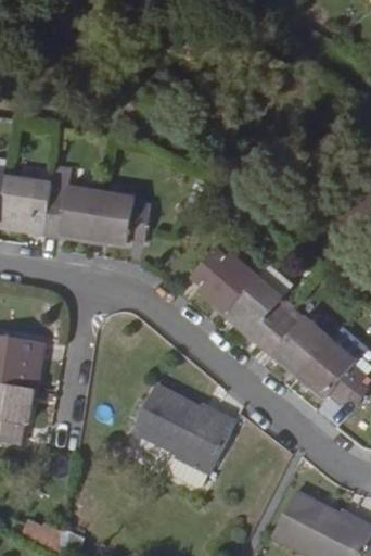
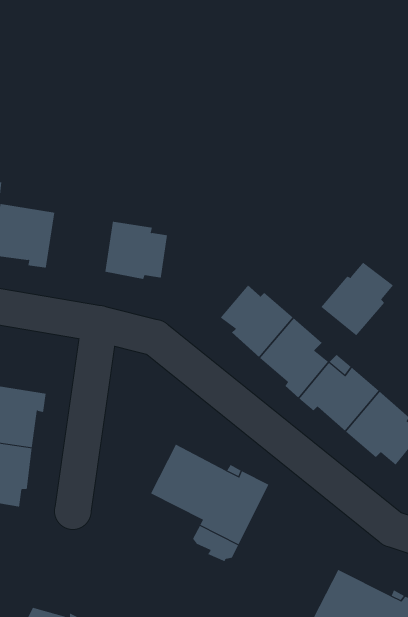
building: [43,177,100,237] -> none
building: none -> [320,262,394,336]

